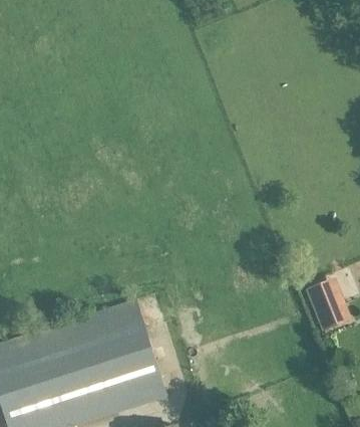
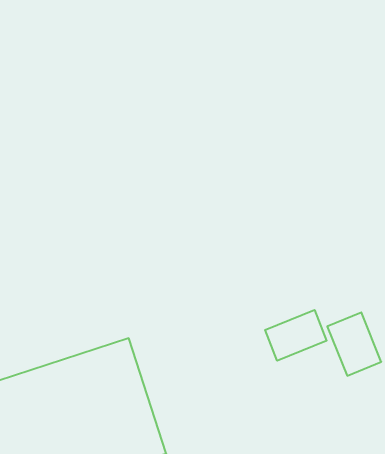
building: none -> [265,310,327,361]

